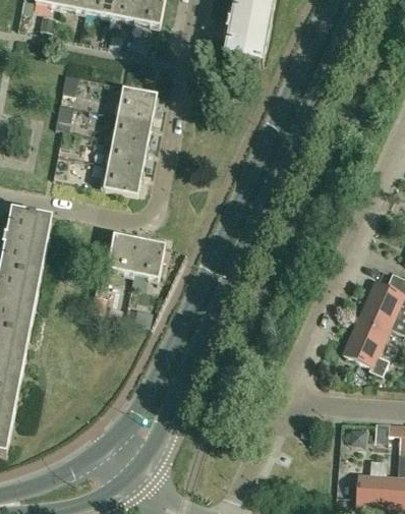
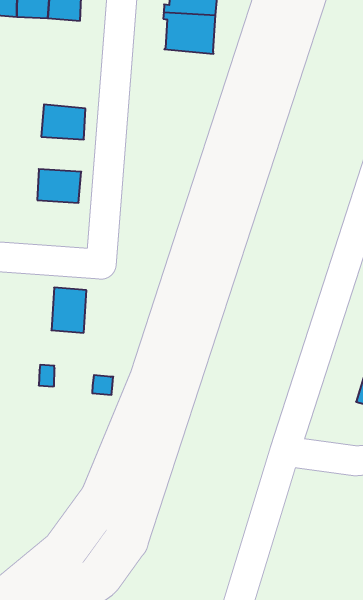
building: [113,113,152,145] -> none
building: [104,163,141,194] -> none
building: [133,239,165,277] -> none

